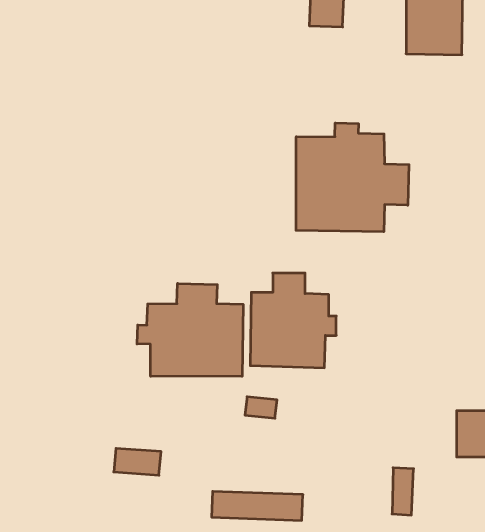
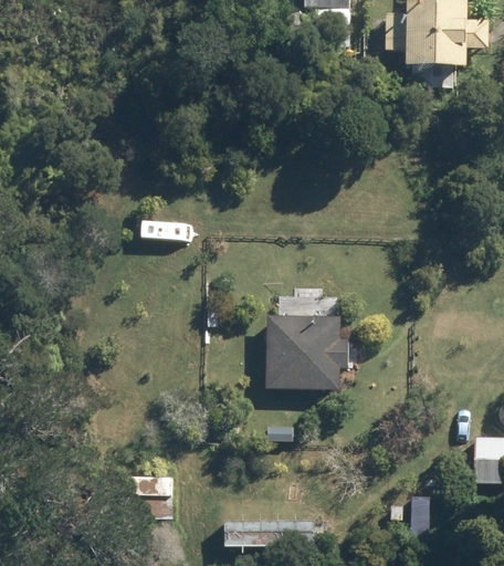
building: [296,123,409,232] -> none
building: [137,283,243,376] -> none

